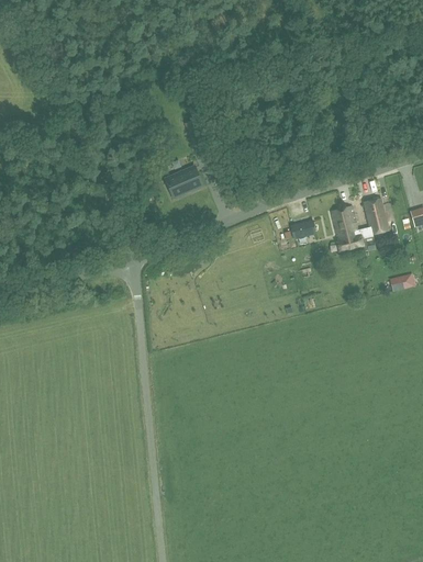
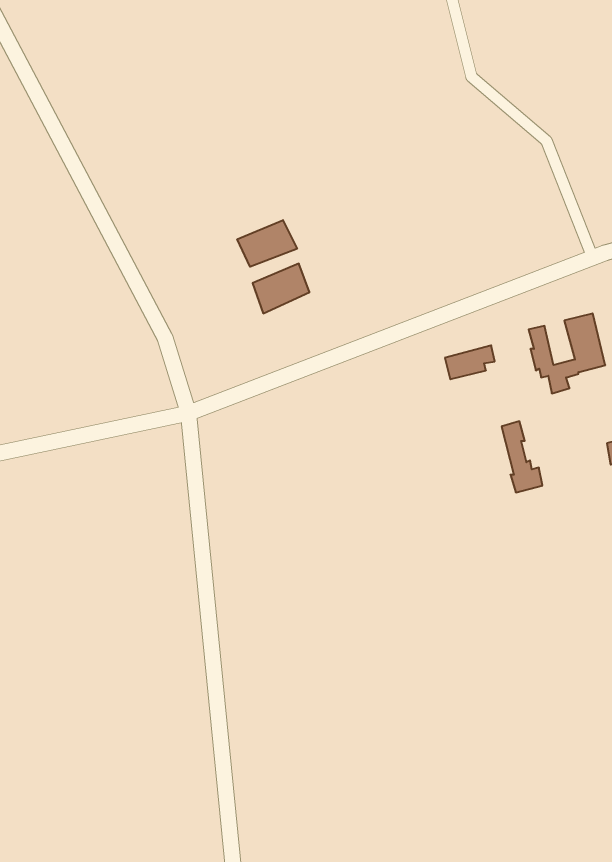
building: none -> [237,220,297,267]
building: [330,206,355,250] -> [502,421,542,492]

